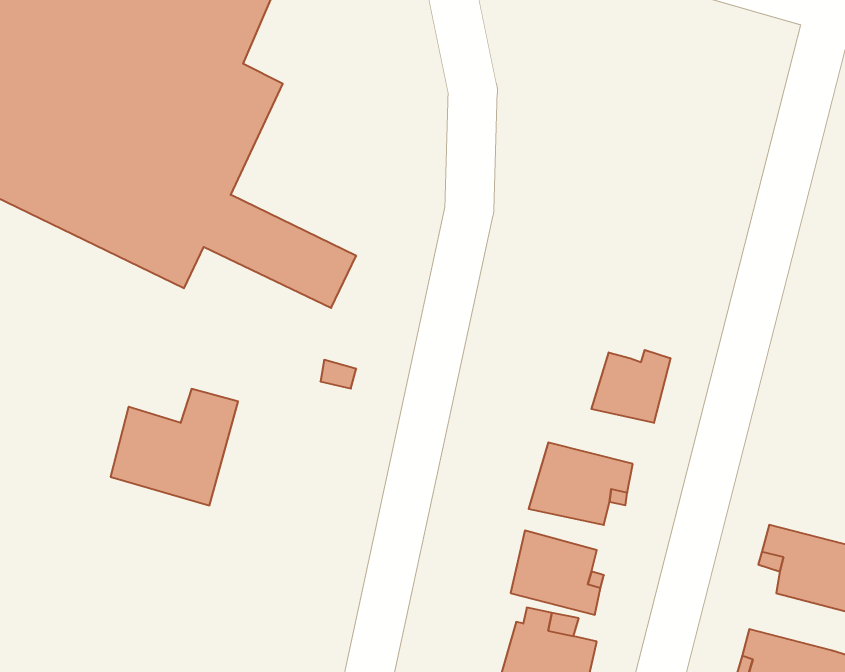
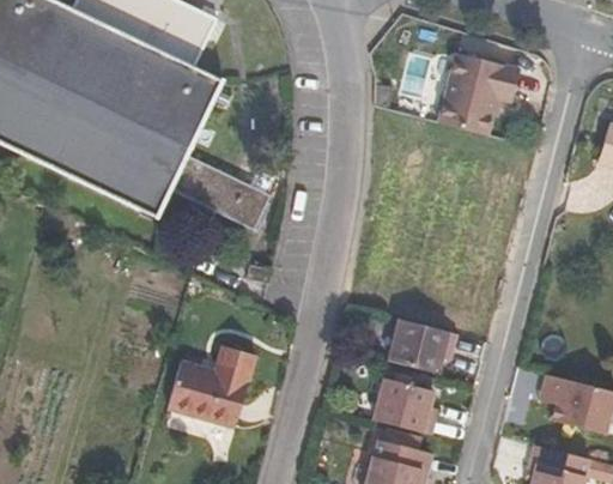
building: none -> [437,53,518,134]
building: [591,350,670,423] -> none
building: [111,389,238,505] -> [169,347,254,425]

